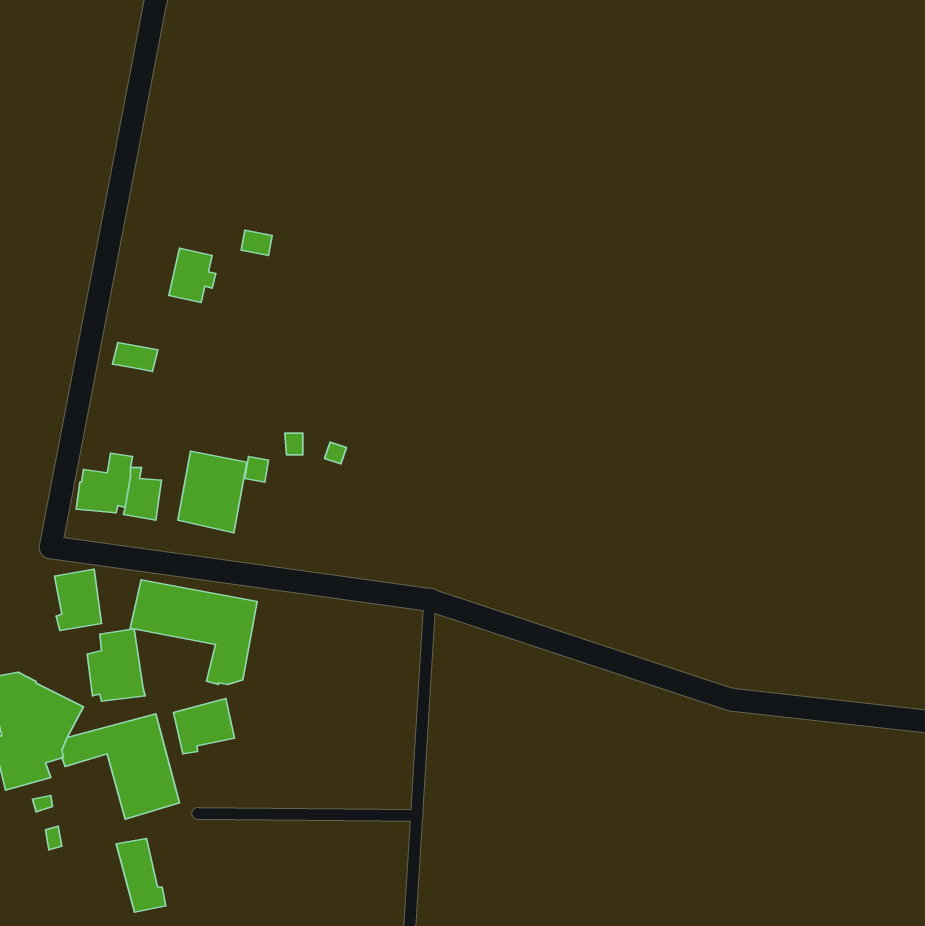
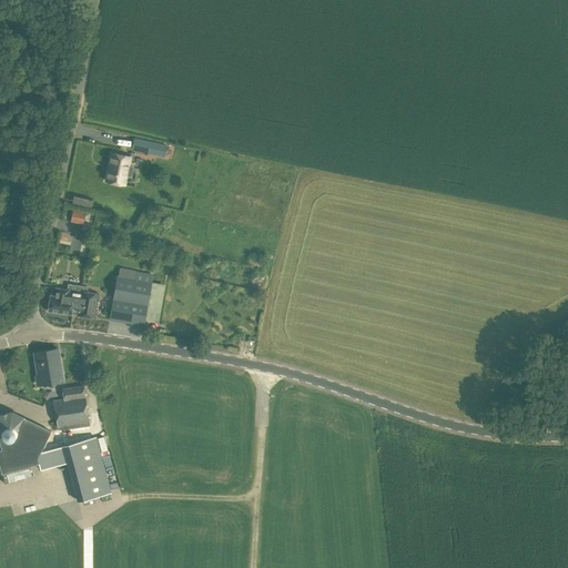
building: [130,580,257,685] -> none
building: [174,699,234,754] -> none
building: [116,838,166,912] -> none

